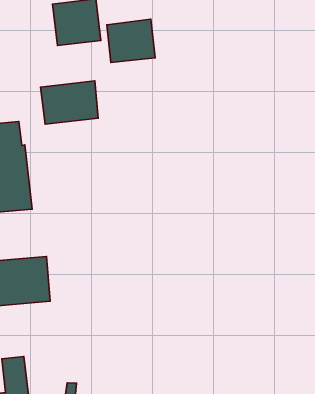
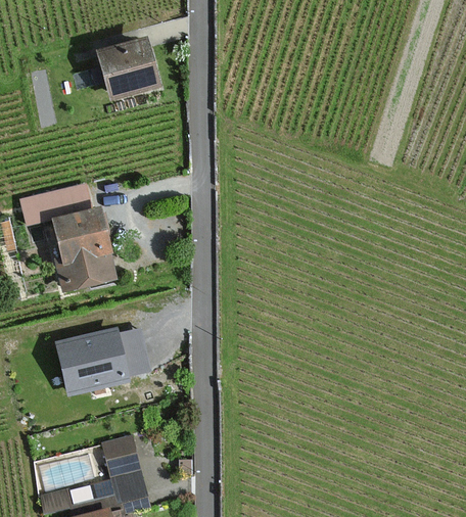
building: [107,19,155,62] -> none
building: [41,81,98,124] -> none

